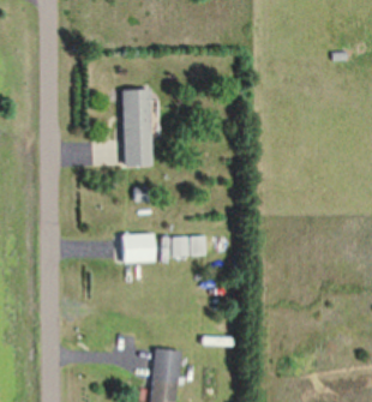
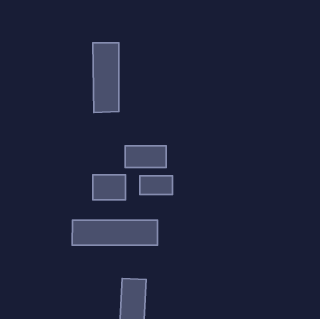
building: none -> [125,146,166,167]
building: none -> [72,220,158,245]

